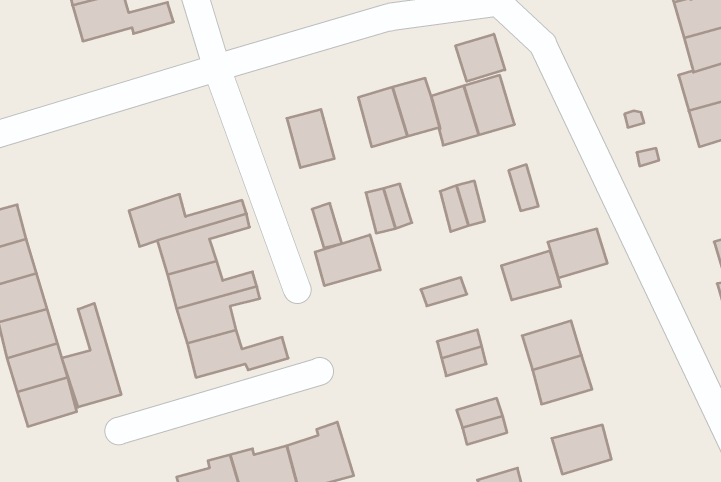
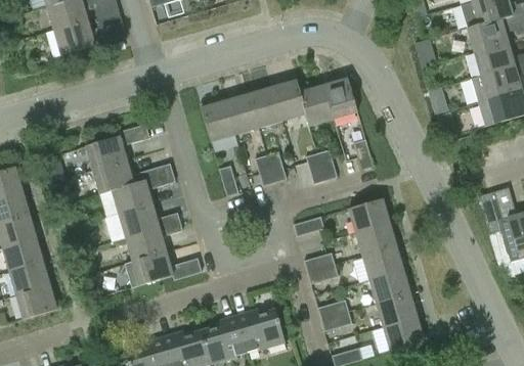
building: [456,34,505,81] -> none
building: none -> [224,93,259,135]
building: none -> [85,124,149,171]
building: [548,229,607,278] -> [355,223,396,257]
building: [315,235,380,286] -> none
building: [62,303,121,407] -> none
building: none -> [376,293,418,327]
building: none -> [235,310,285,353]

